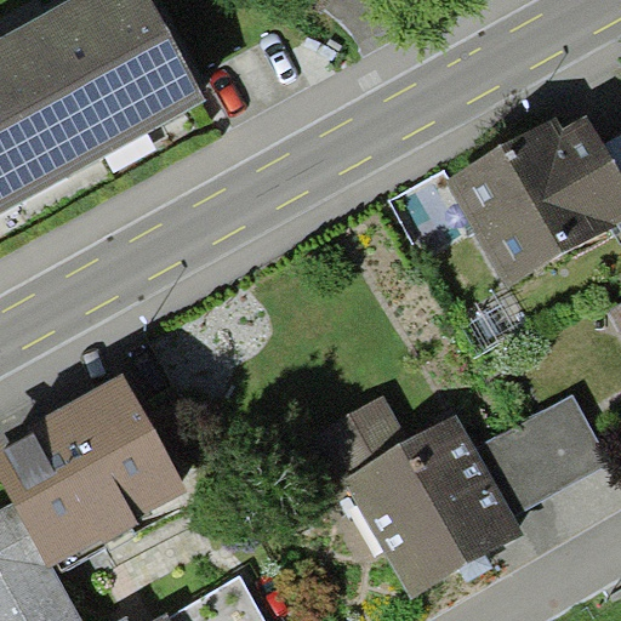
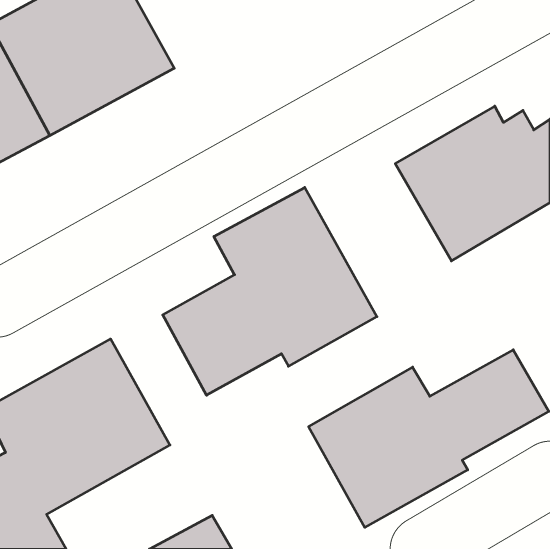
building: none -> [163,187,377,395]

